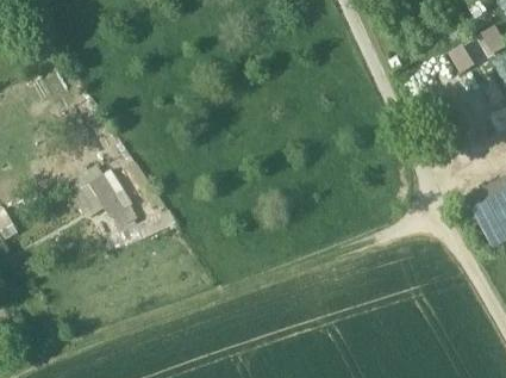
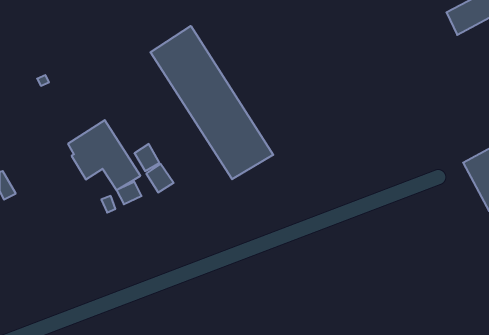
building: none -> [150,26,273,179]

